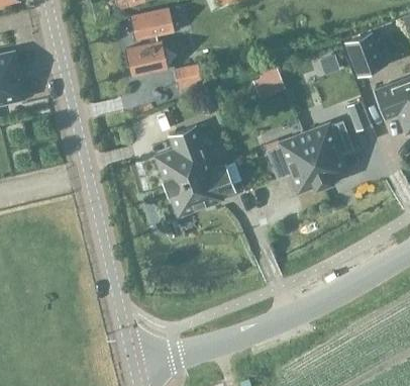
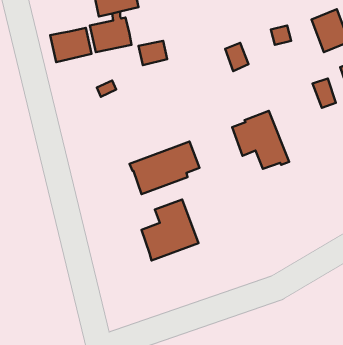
building: none -> [50,28,92,62]
building: [303,121,352,185] -> none
building: [155,126,211,187] -> [141,199,198,260]

